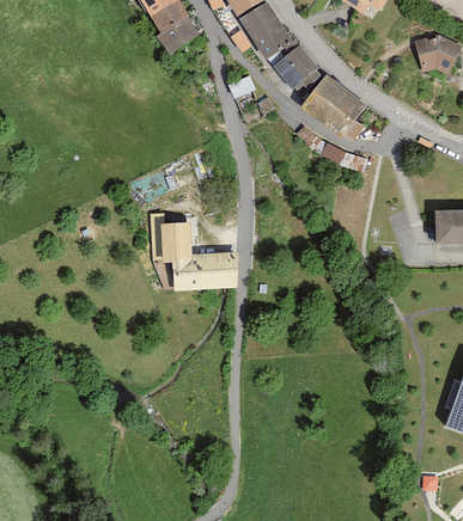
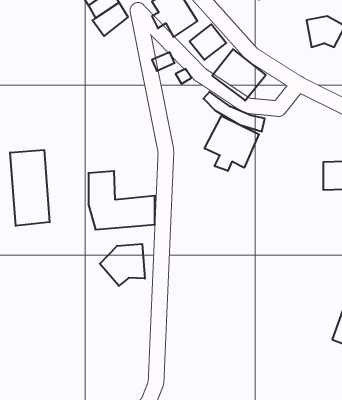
building: none -> [205,116,259,171]
building: none -> [10,150,50,226]
building: none -> [100,244,145,286]

